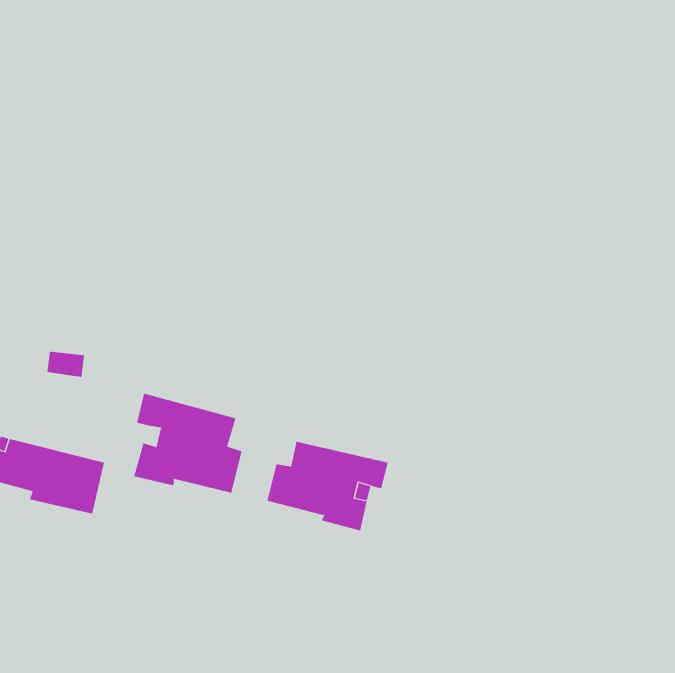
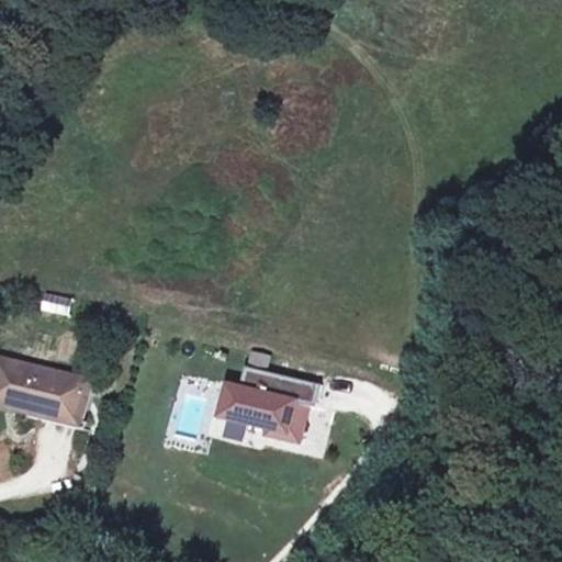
building: [134,393,242,493] -> none

